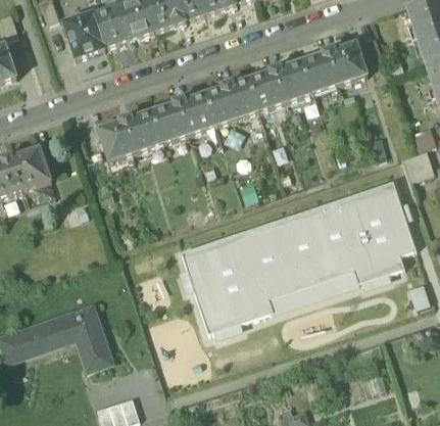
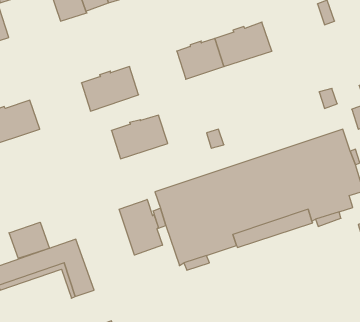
building: [302,42,368,92] -> none
building: [153,92,216,141] -> [111,115,168,159]
building: none -> [119,199,162,255]
building: none -> [9,222,50,259]

